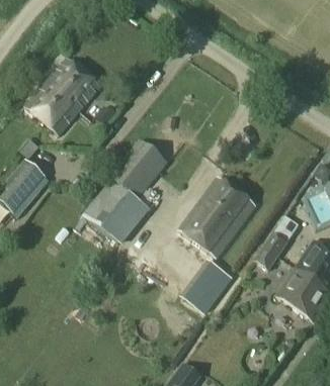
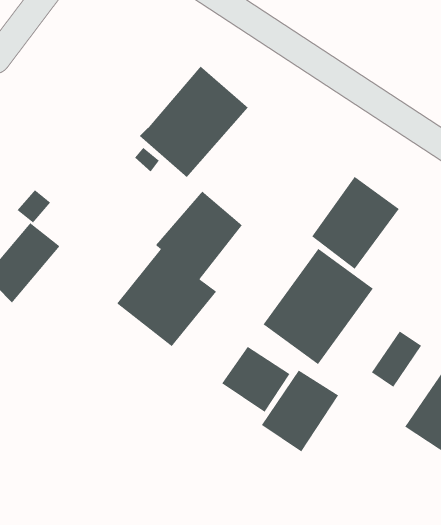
building: [26,59,100,134] -> [139,65,249,178]
building: none -> [311,176,400,270]
building: none -> [221,346,291,413]

